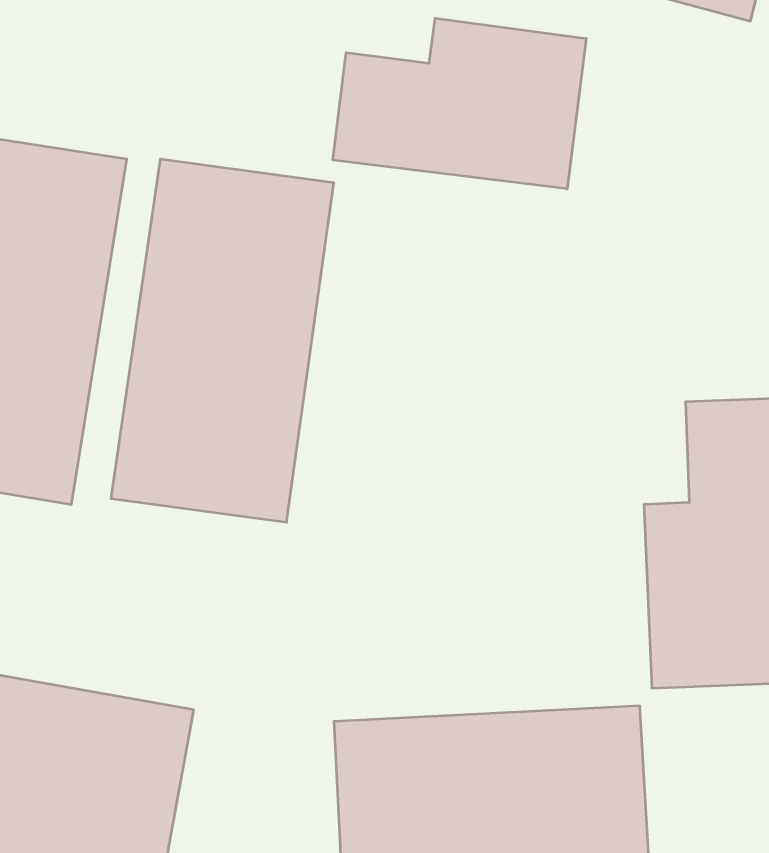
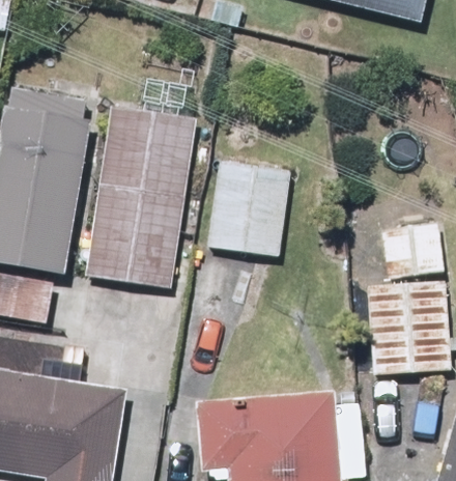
building: [333,18,586,189] -> none
building: none -> [208,160,290,260]

